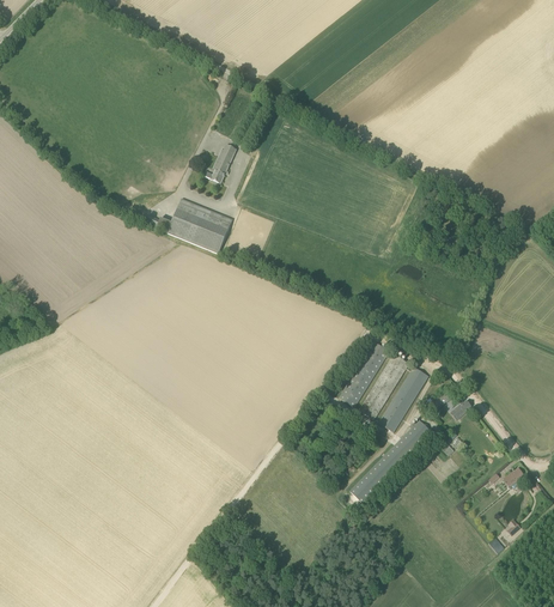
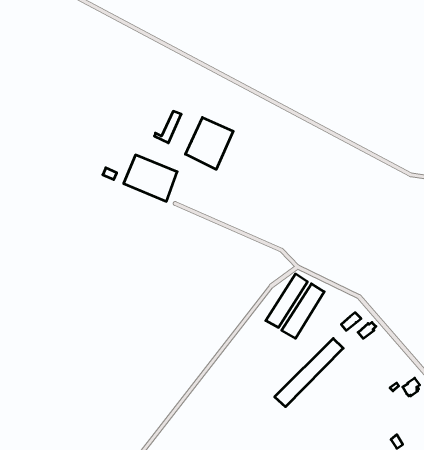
building: none -> [185,117,233,169]
building: [377,365,427,431] -> none

